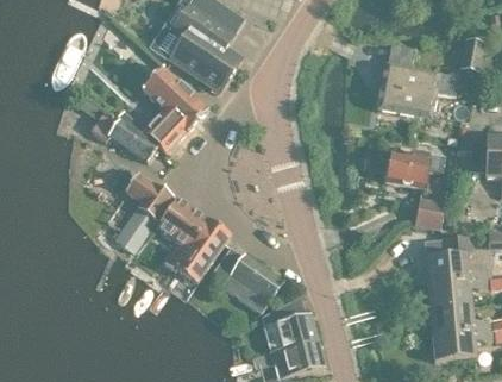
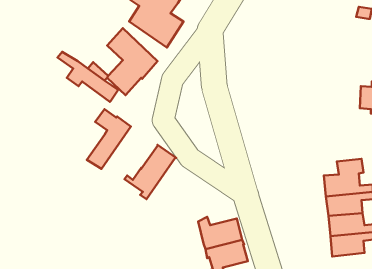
building: [376,44,458,119] -> none
building: [383,151,443,187] -> none
building: [155,195,207,262] -> none
building: [414,196,445,227] -> none
building: [209,246,283,312] -> none

